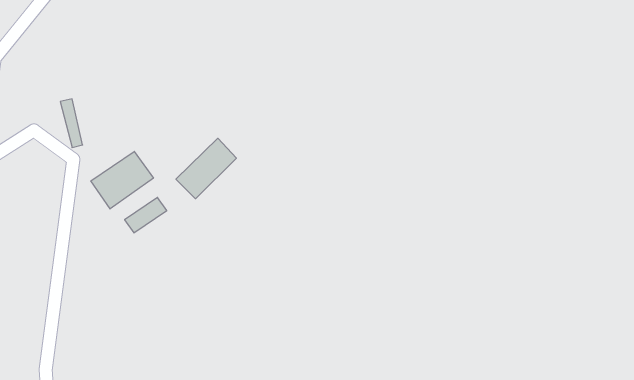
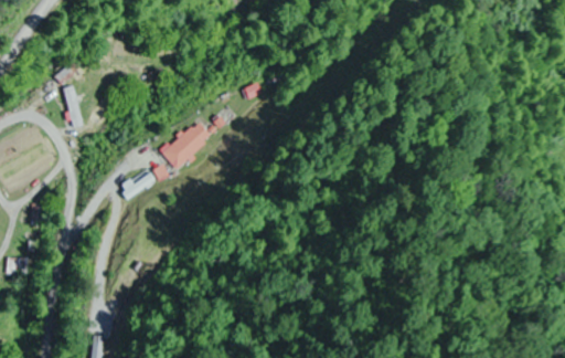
building: [91,151,153,209] -> none

